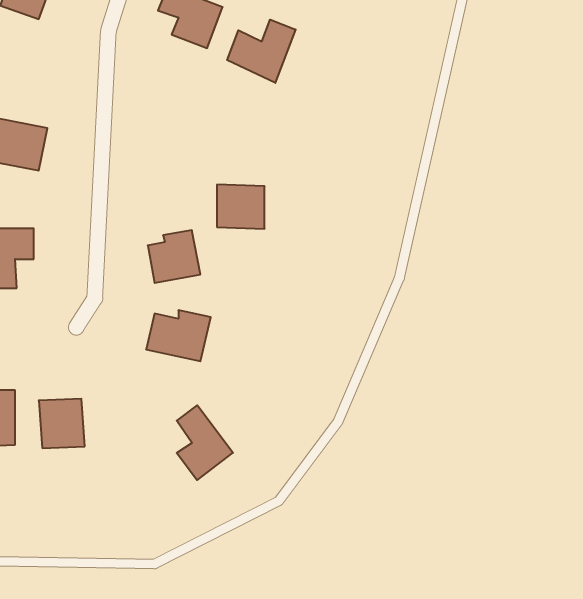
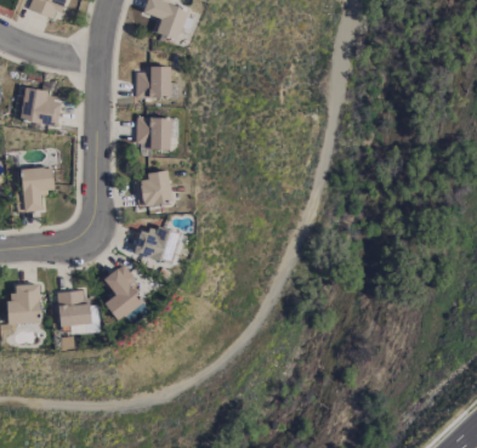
building: [227,20,296,83] -> none
building: none -> [137,68,171,98]
building: [217,185,265,229] -> [137,118,171,149]
building: [177,405,233,480] -> [104,268,144,322]

